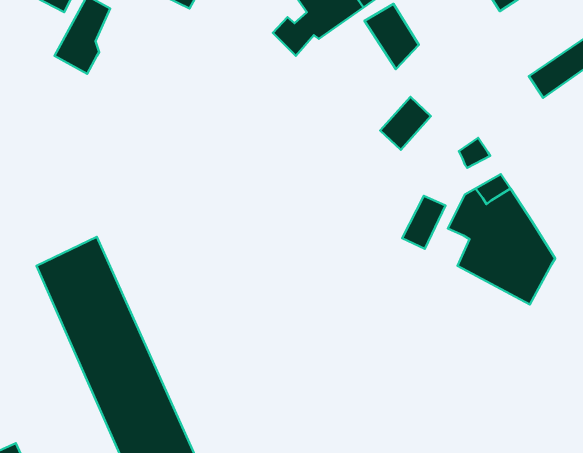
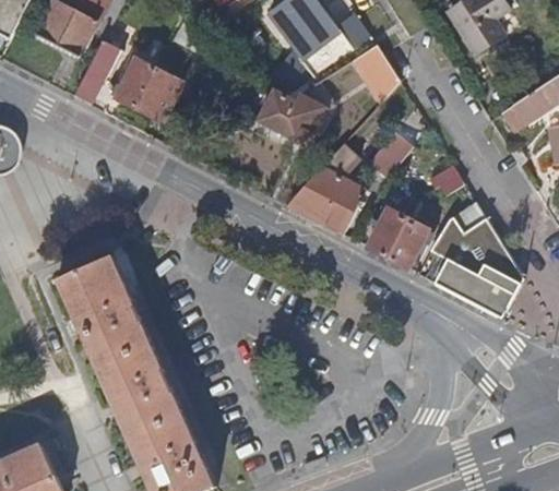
building: none -> [110,57,173,112]
building: none -> [258,87,325,143]
building: none -> [286,143,365,232]
building: none -> [367,207,406,256]

